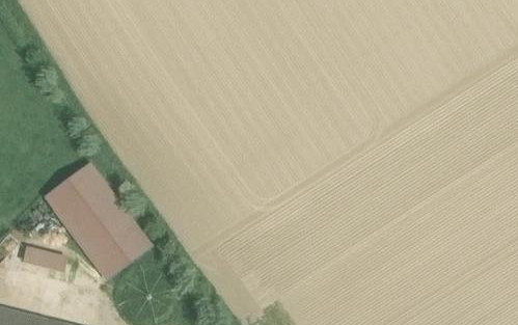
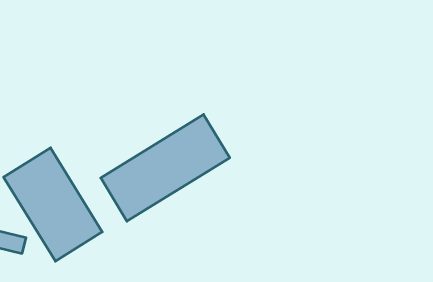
building: none -> [101,114,230,221]

